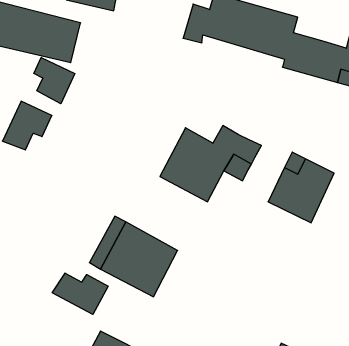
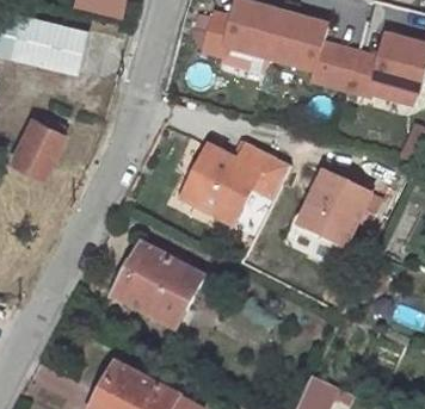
building: [34,57,75,104] -> none
building: [52,273,108,314] -> none

